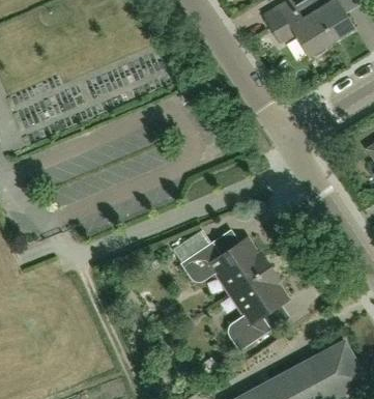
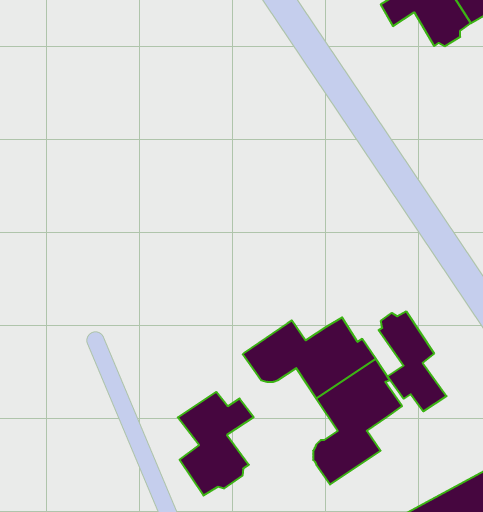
building: none -> [379,311,447,411]
building: none -> [178,392,254,496]

